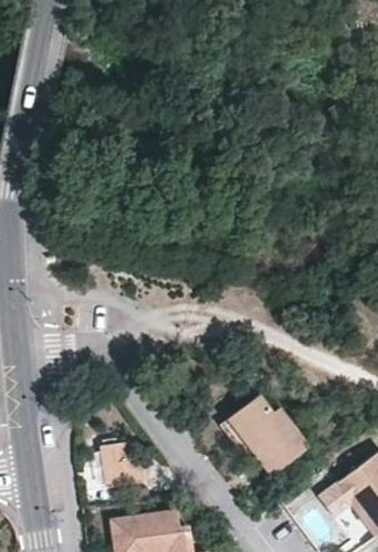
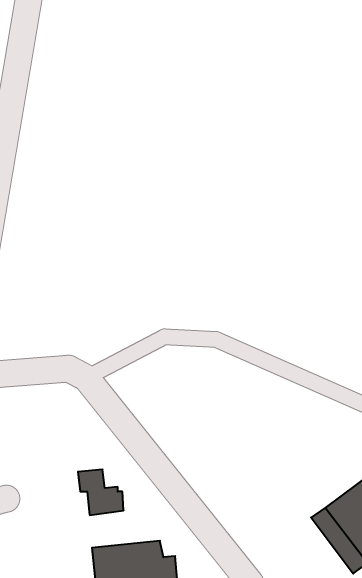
building: [229,394,308,472] -> none

